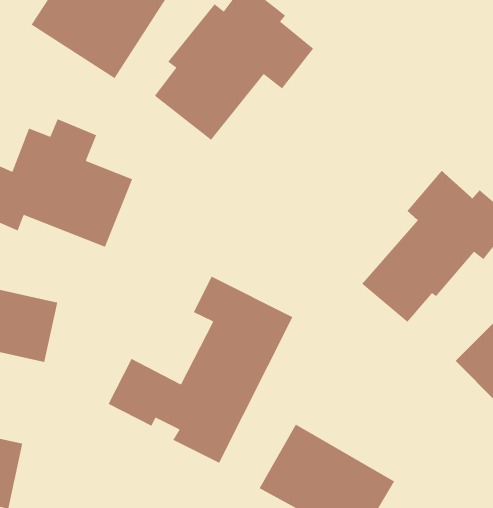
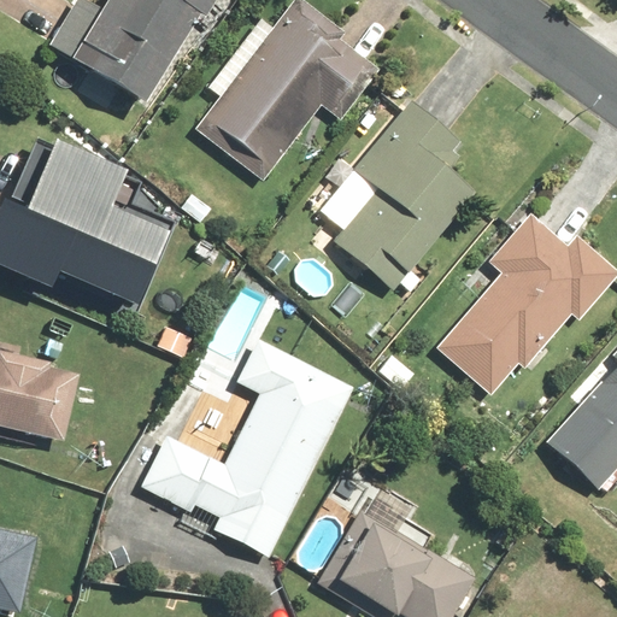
building: none -> [334,100,480,292]

